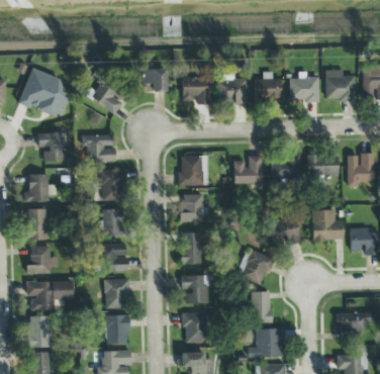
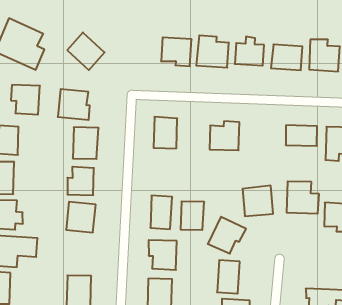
building: [142,69,167,91] -> none
building: [271,155,300,179] -> none
building: [181,194,203,222] -> [181,202,204,230]
building: [104,279,129,309] -> none

